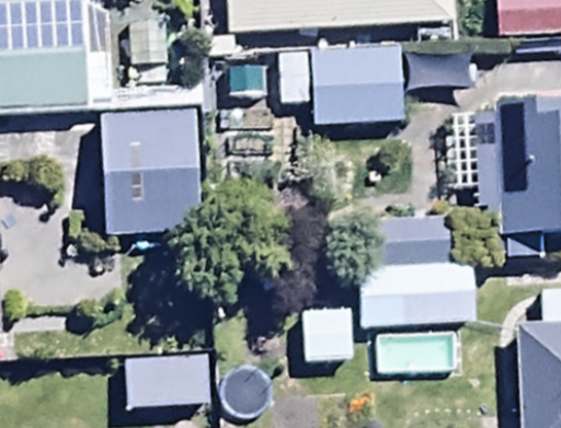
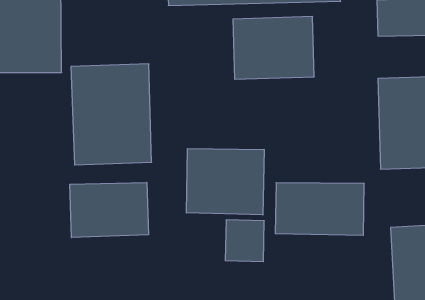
building: none -> [186,149,264,215]
building: none -> [70,182,148,238]

